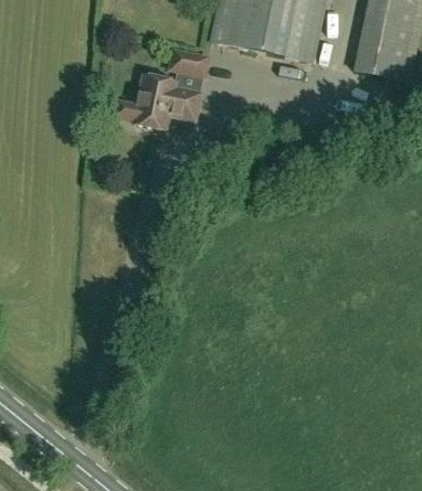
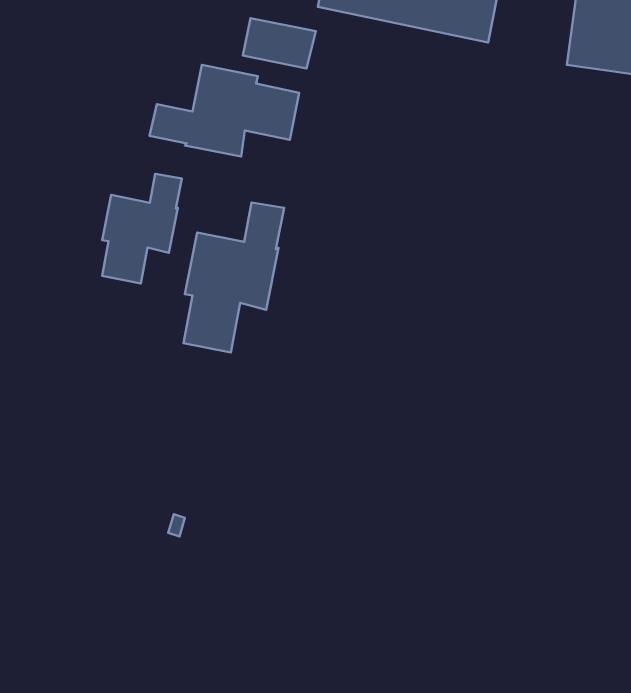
building: none -> [102,174,182,284]
building: none -> [184,203,284,352]

